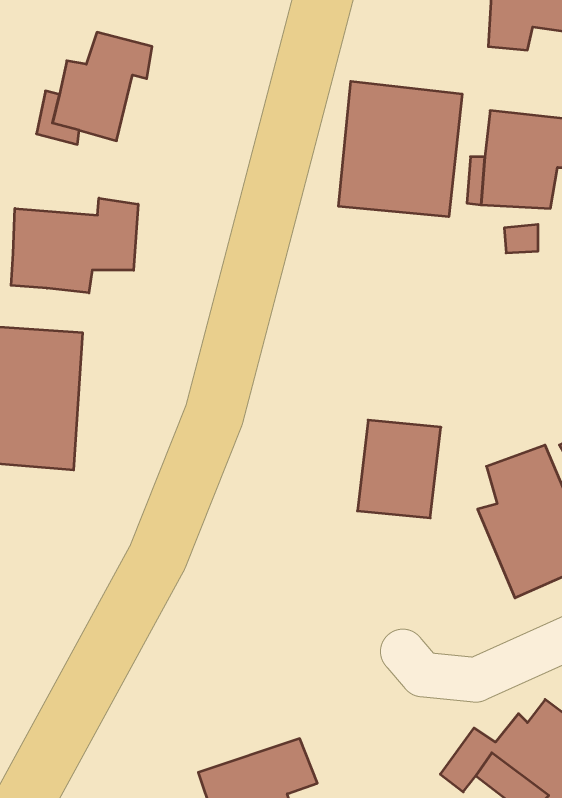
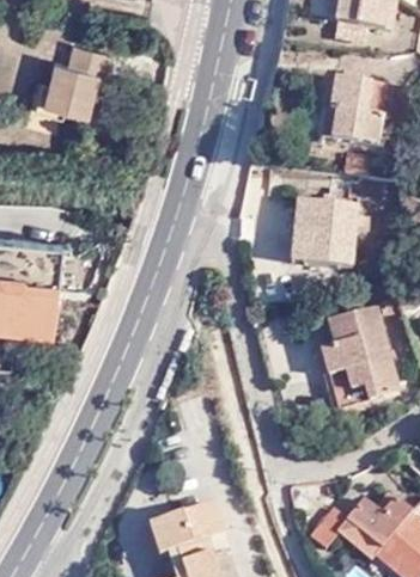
building: [339,81,462,217] -> none
building: [11,198,138,293] -> none
building: [357,420,441,518] -> [305,207,361,272]

